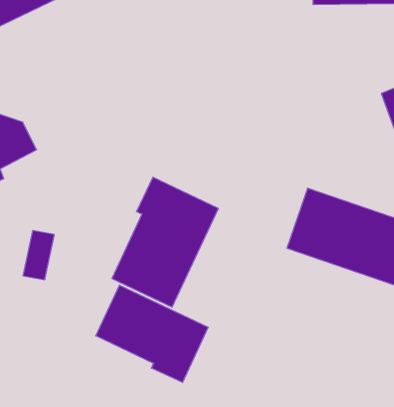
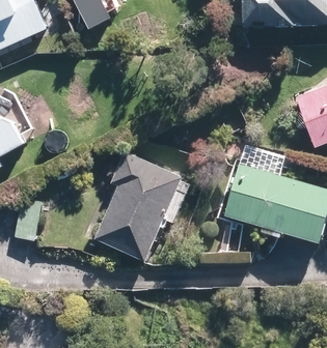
building: [96,285,208,383] -> none

